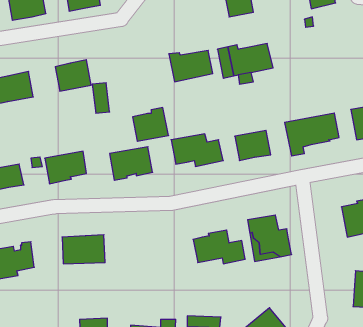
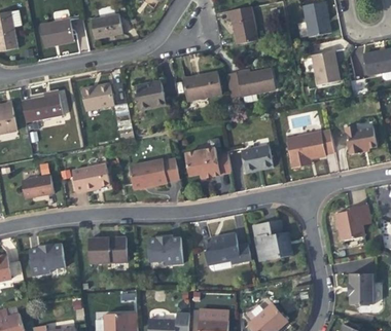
building: none -> [312,50,341,84]
building: [133,108,169,141] -> [135,80,167,110]
building: none -> [147,236,182,262]

